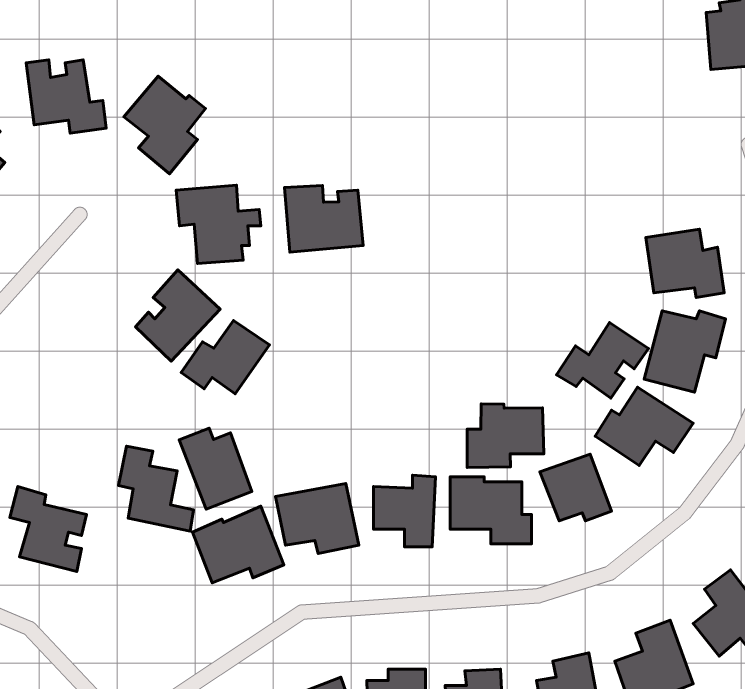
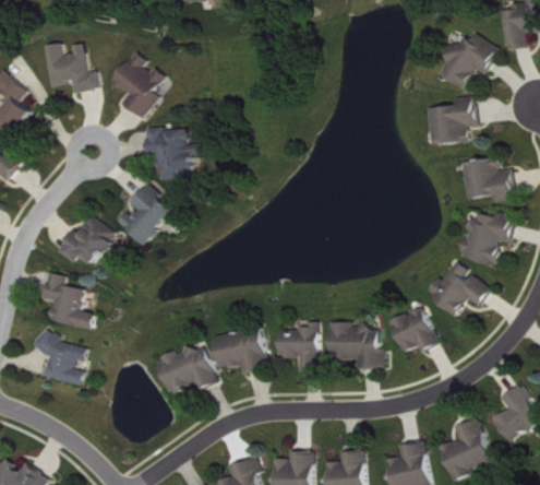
building: none -> [434,33,497,88]
building: none -> [423,96,473,146]
building: [285,185,363,252] -> none
building: [181,321,269,394] -> [57,216,116,265]
building: [557,322,649,398] -> none
building: [467,404,544,468] -> none
building: [179,428,252,509] -> none
building: [118,446,193,531] -> [41,272,92,329]

